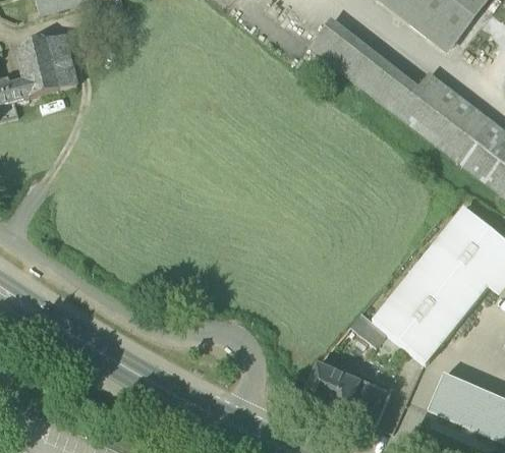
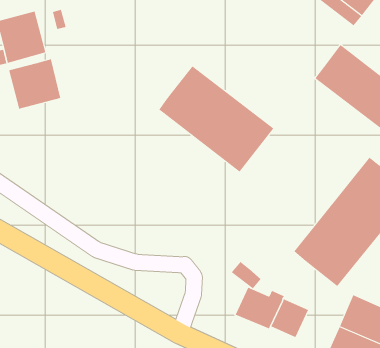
building: [312,25,413,112] -> none
building: none -> [8,59,61,109]
building: none -> [159,66,274,172]
building: [350,310,387,344] -> [231,261,262,289]

